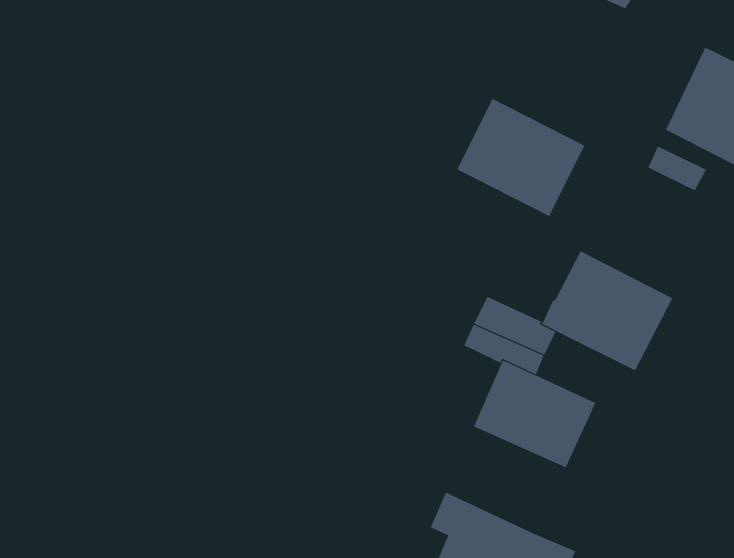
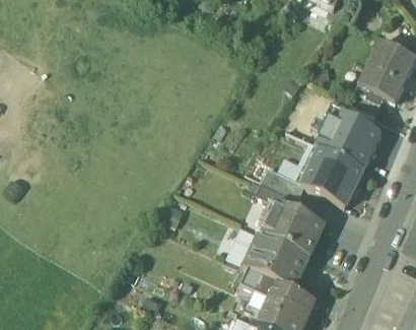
building: [456,98,585,217] -> [318,106,384,167]
building: none -> [227,222,310,287]

